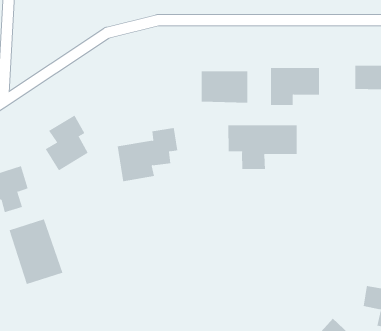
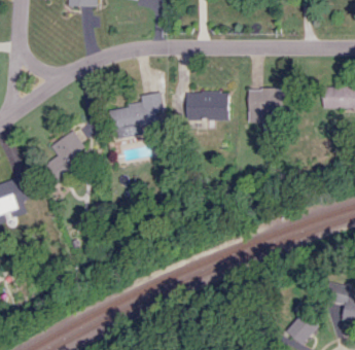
building: [228,125,297,170] -> none
building: [117,128,178,182] -> [109,92,164,140]
building: [9,218,63,285] -> none

